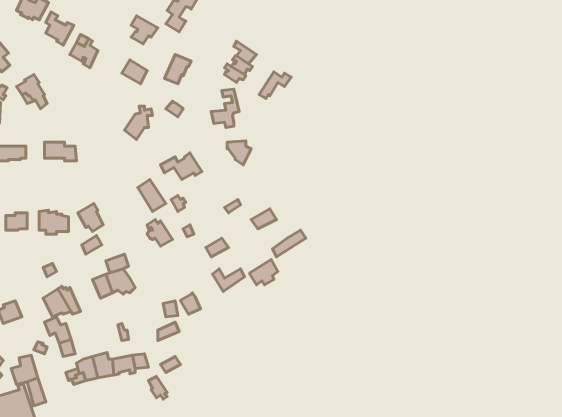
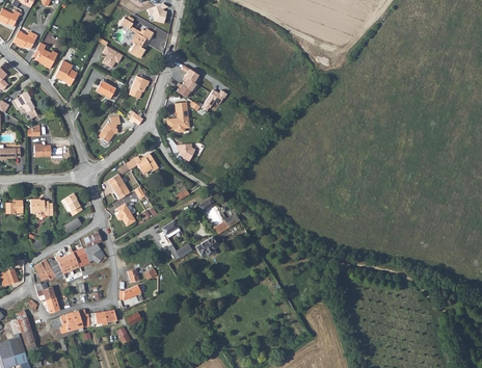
building: none -> [54,252,81,278]

